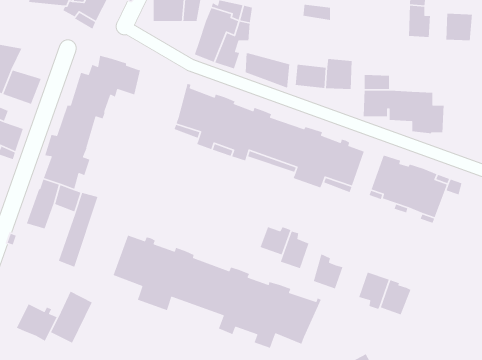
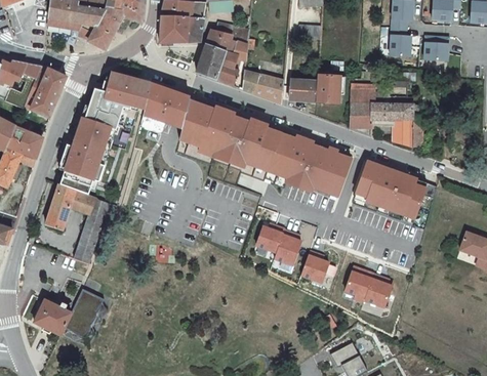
building: none -> [33,66,67,93]
building: none -> [139,83,191,130]
building: [113,234,322,349] -> none

